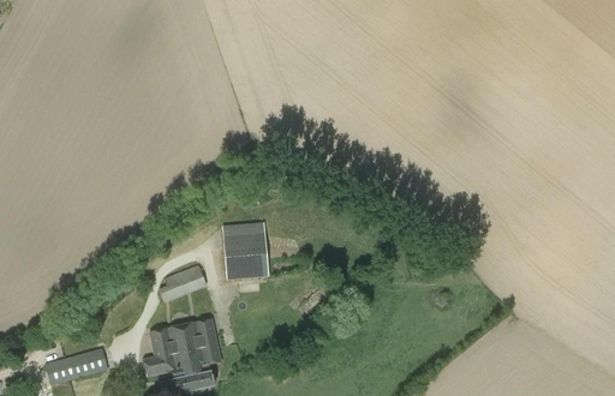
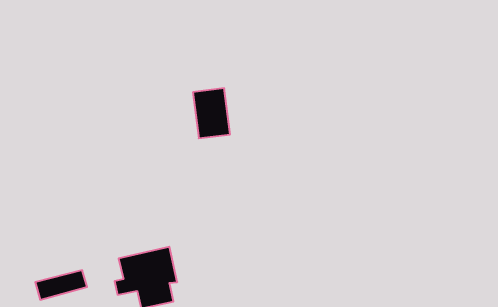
building: [223,220,269,281] -> [193,88,230,138]
building: [159,263,207,300] -> none

